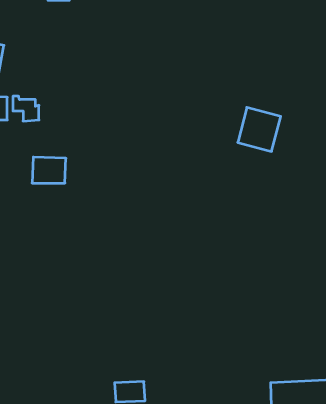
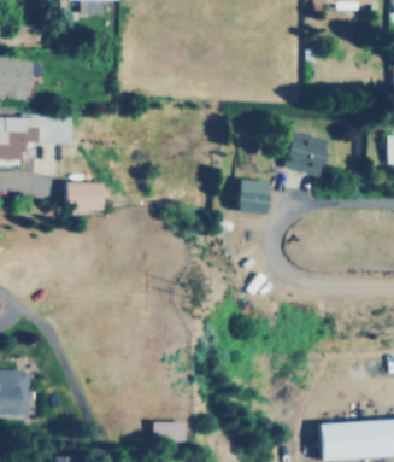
building: none -> [236,180,267,214]

